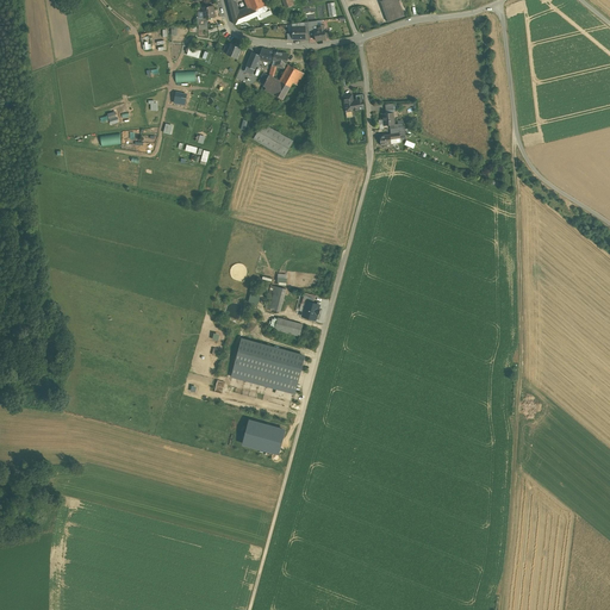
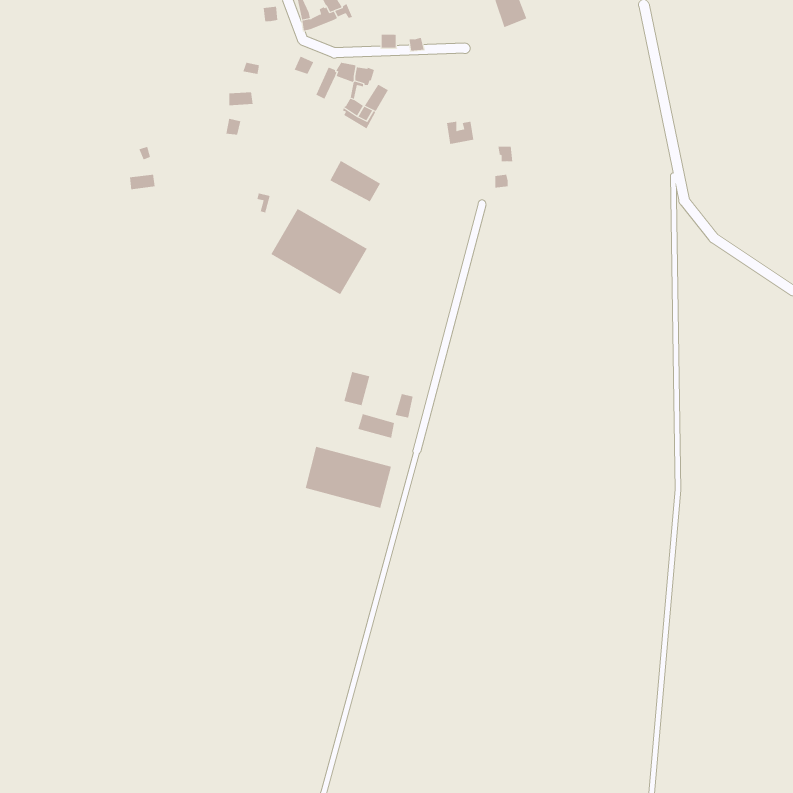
building: none -> [270,208,367,295]
building: [242,421,282,453] -> none

